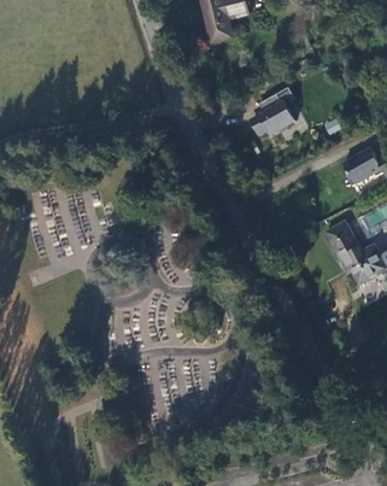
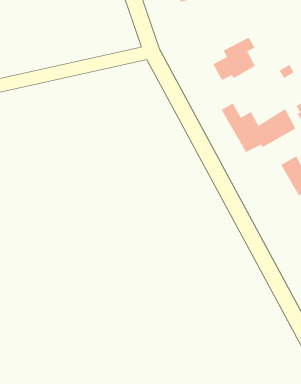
building: none -> [221,102,296,153]

